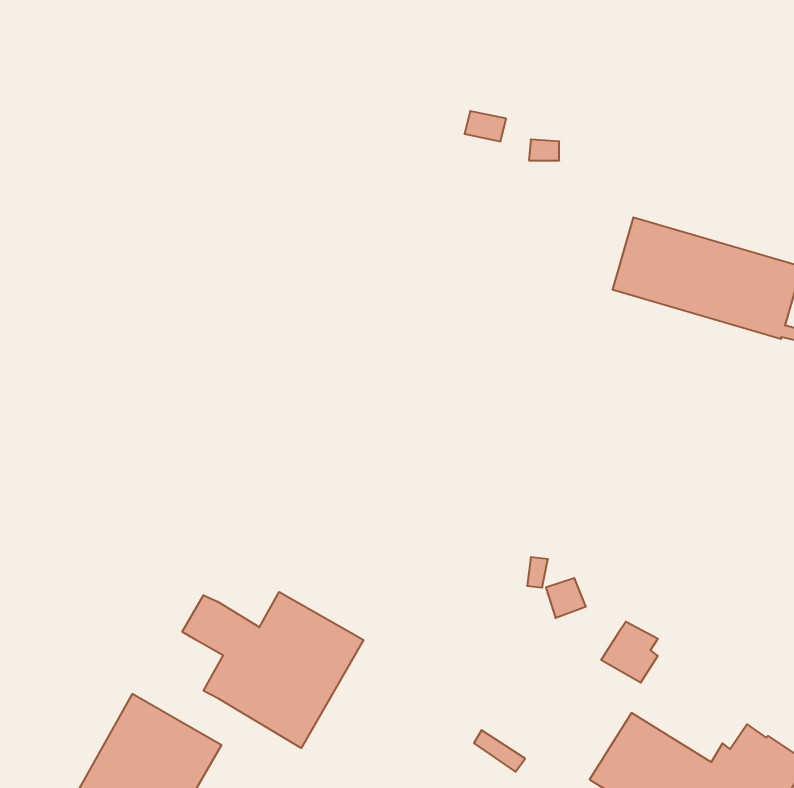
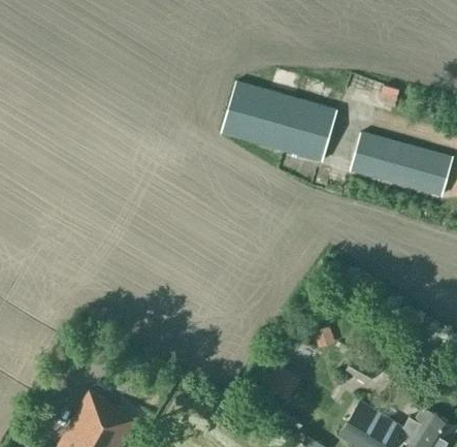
building: none -> [221,82,337,162]
building: [182,592,363,748] -> none

